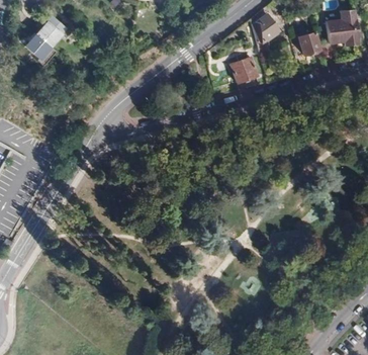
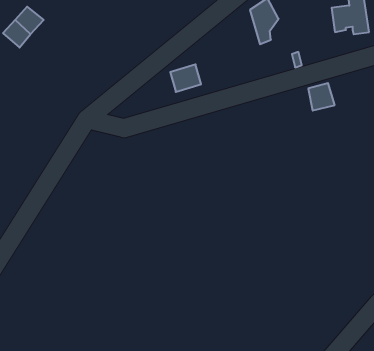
building: [295,33,319,59] -> [308,83,335,111]
building: [228,58,257,83] -> [170,64,201,92]

